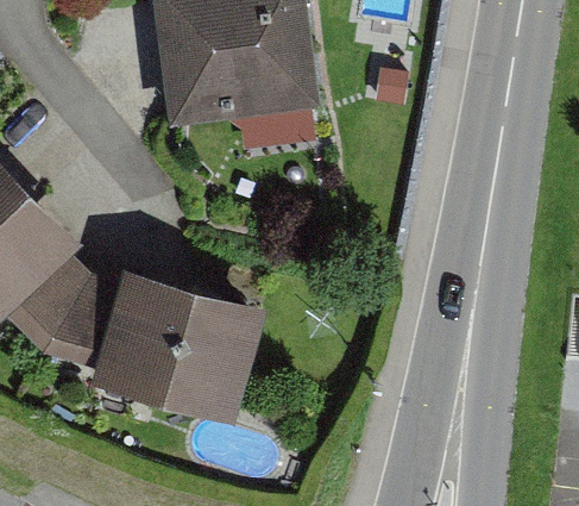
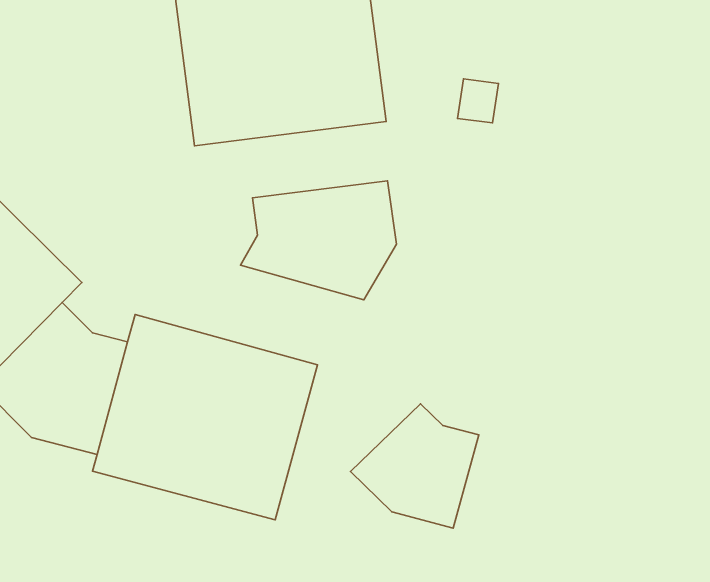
building: none -> [240,181,396,300]
building: none -> [350,404,479,528]

